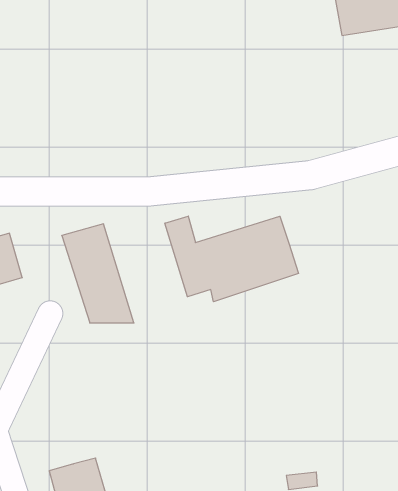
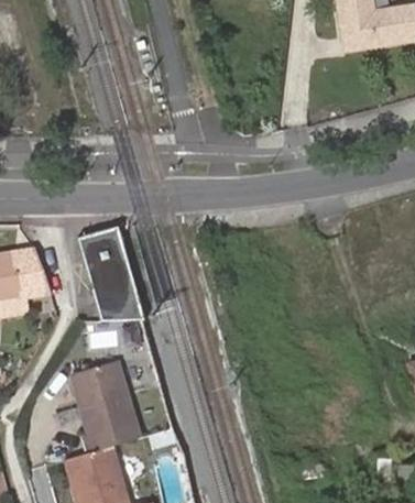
building: [165,216,298,302] -> none
building: none -> [74,367,140,455]

